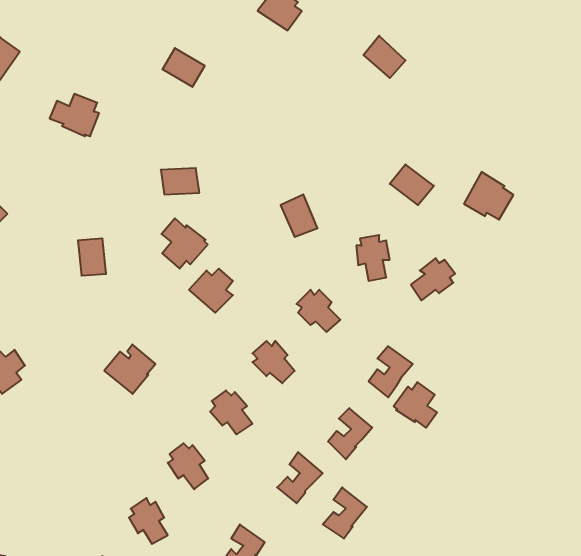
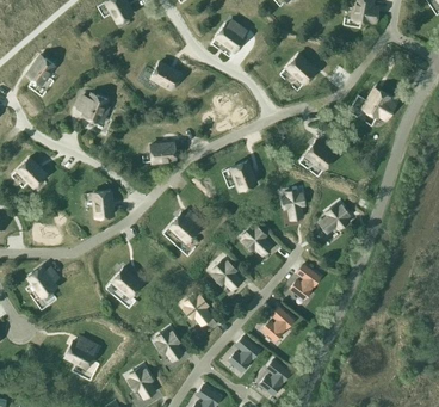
building: [464,172,513,220] -> [361,87,395,119]
building: [161,218,208,269] -> none
building: [394,382,437,428] -> none
building: none -> [64,337,95,366]

